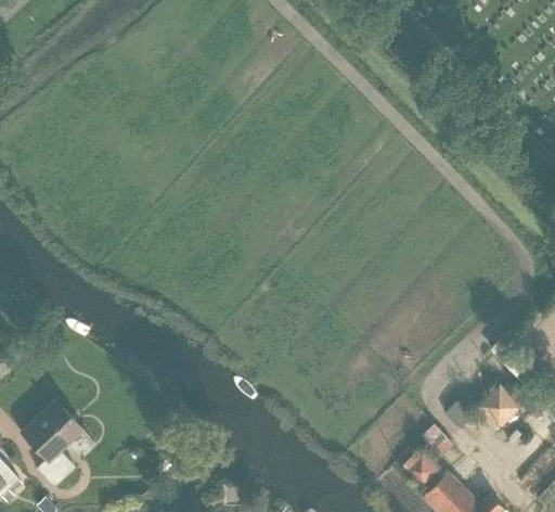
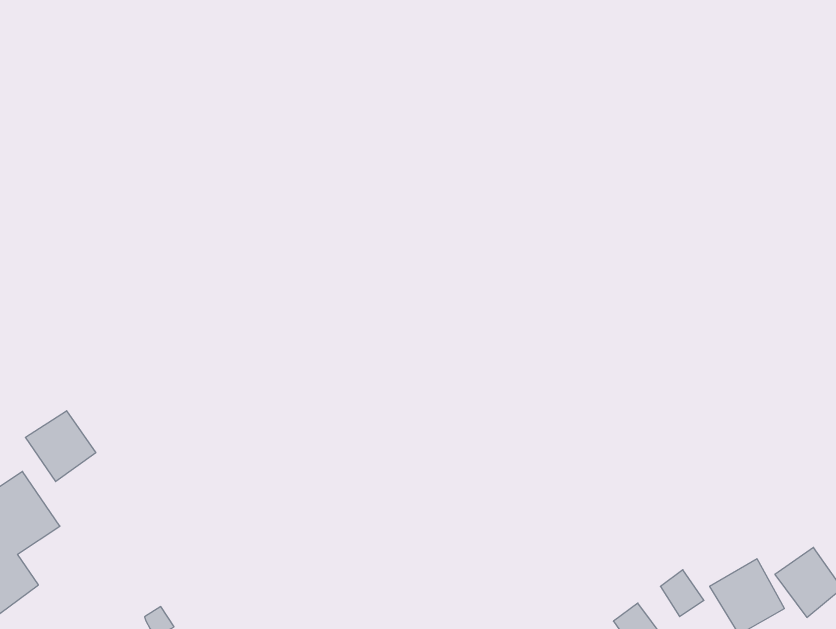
building: none -> [25,411,96,482]

